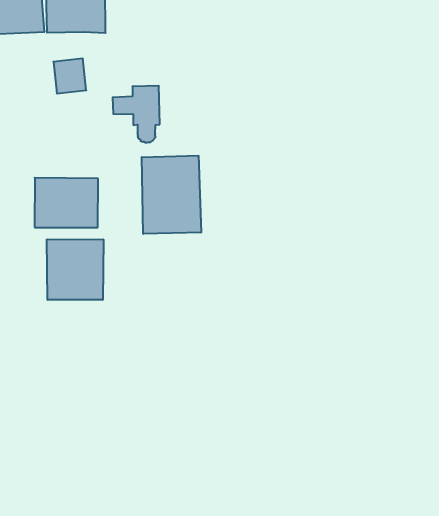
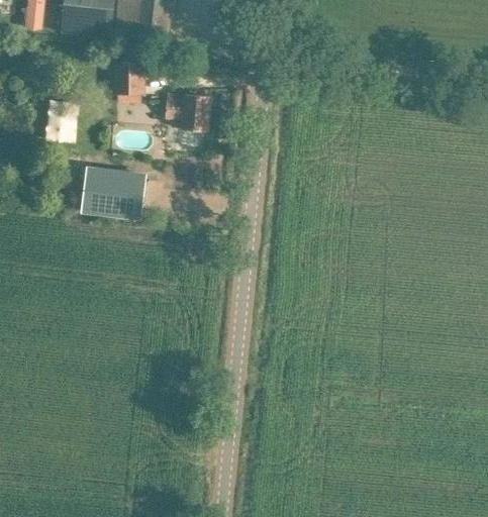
building: [142,156,201,234] -> none
building: [47,239,103,300] -> none

